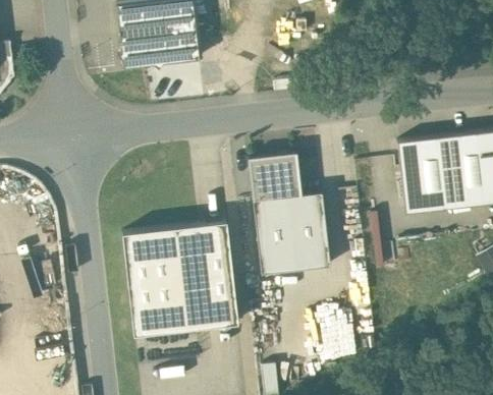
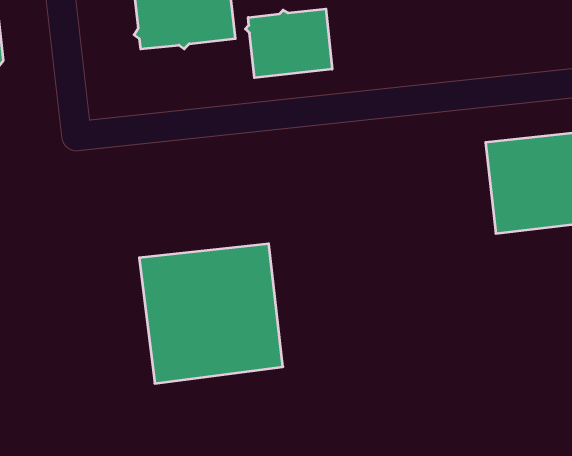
building: none -> [245,9,332,78]
building: [252,163,327,273] -> none

